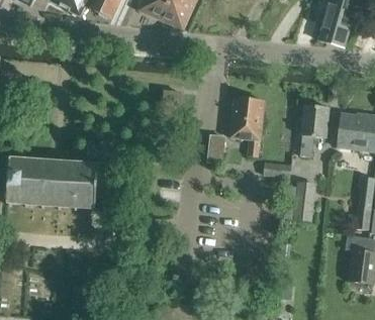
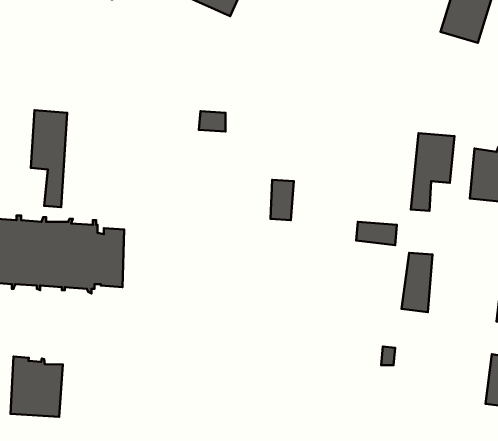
building: none -> [31,110,67,207]
building: [230,97,263,154] -> none
building: none -> [10,356,63,417]

